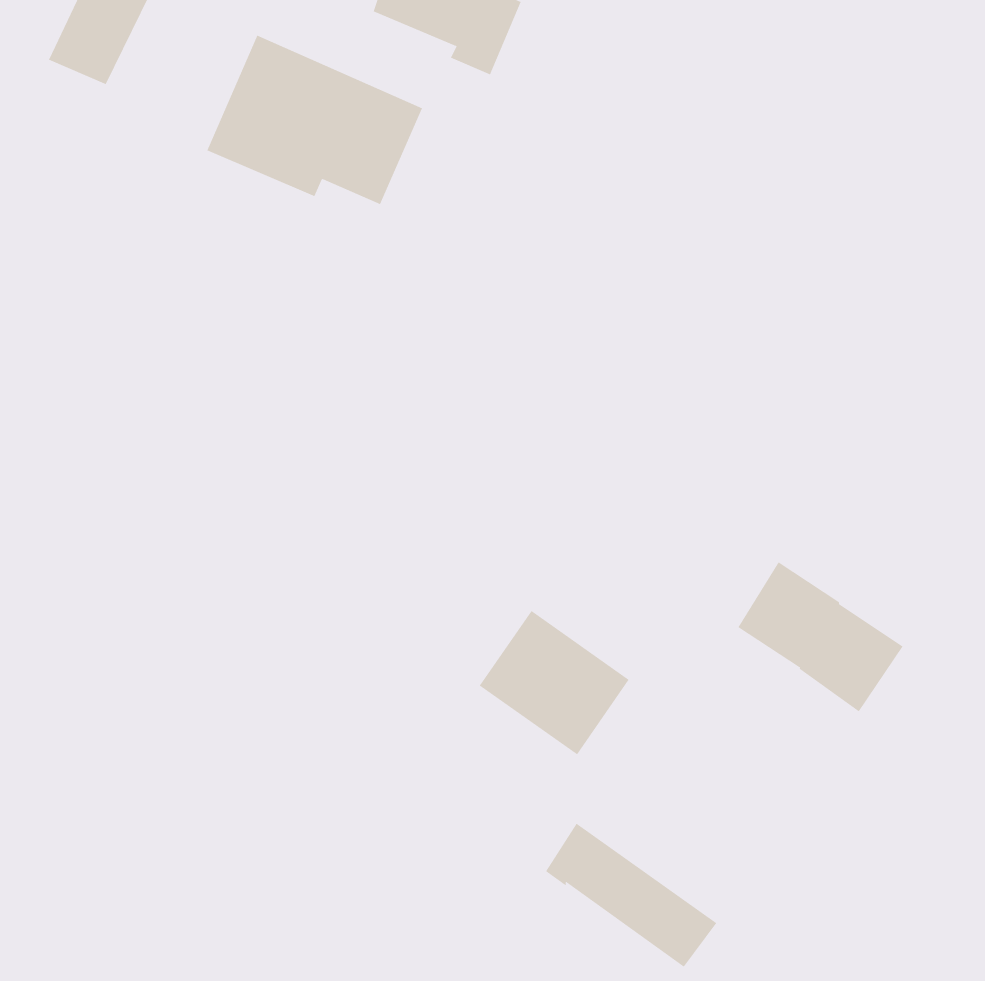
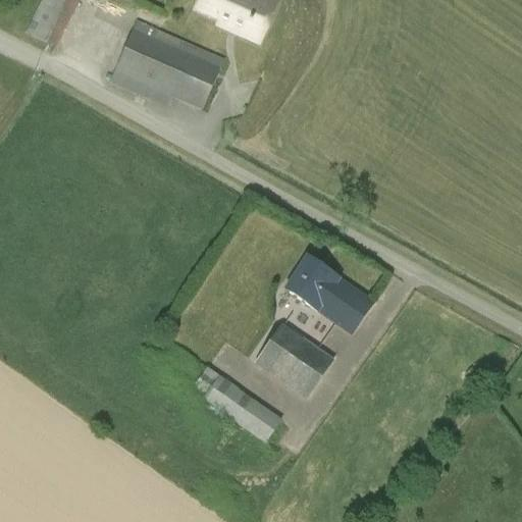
building: [738,562,904,712] -> [285,254,373,333]
building: [545,823,717,968] -> [191,366,281,442]

